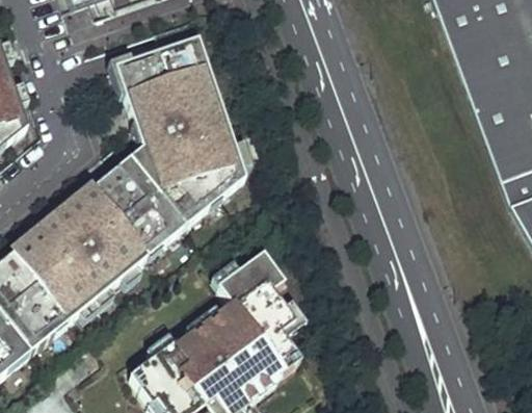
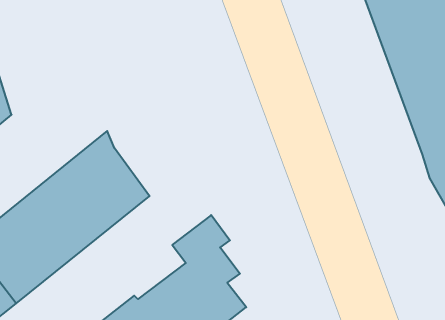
building: [114,32,243,227] -> none

